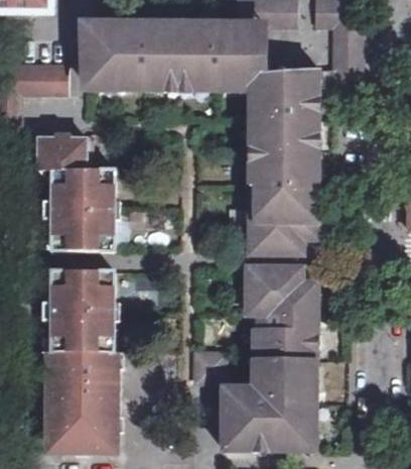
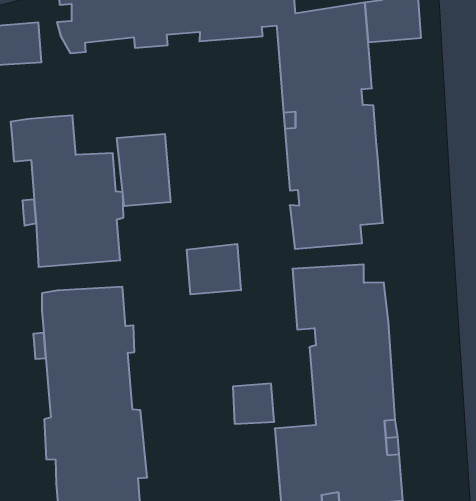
building: none -> [117,134,170,206]
building: none -> [187,244,241,294]

